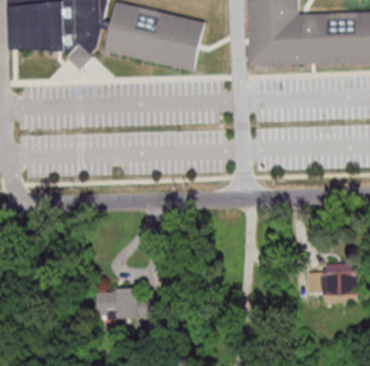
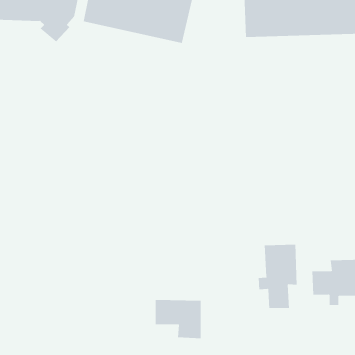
building: none -> [258,244,297,309]
building: [96,288,138,324] -> [155,299,201,339]

